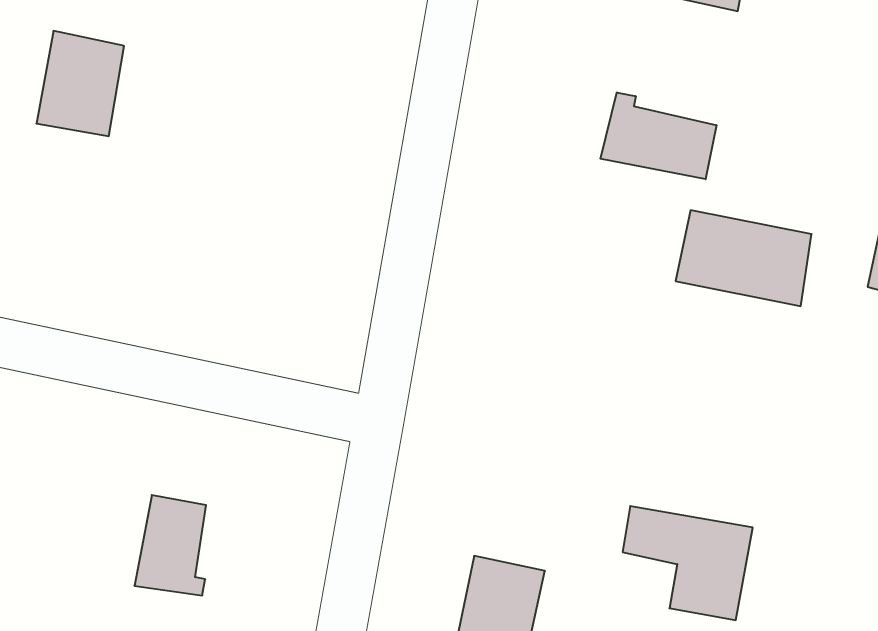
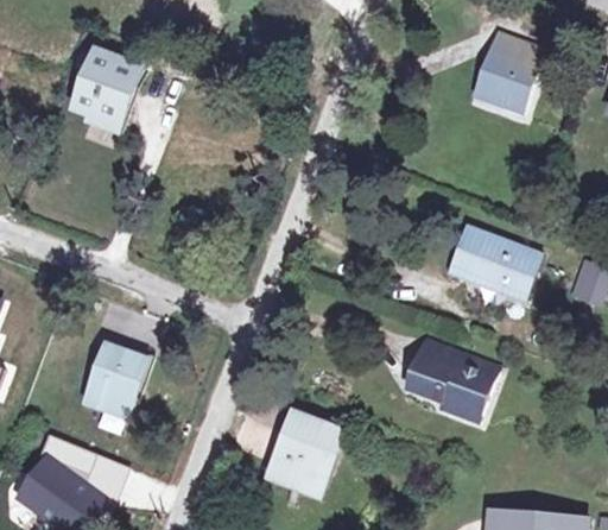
building: [600,92,716,179] -> none
building: [623,506,753,620] -> [418,341,500,422]

